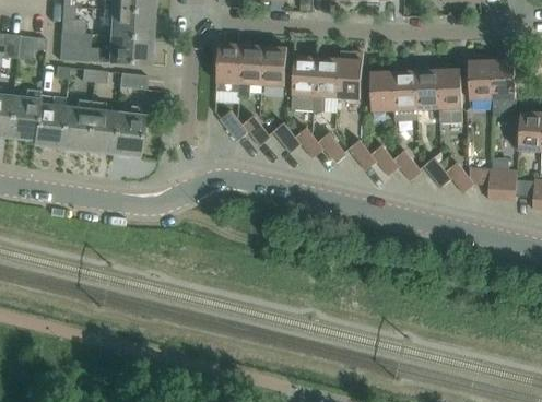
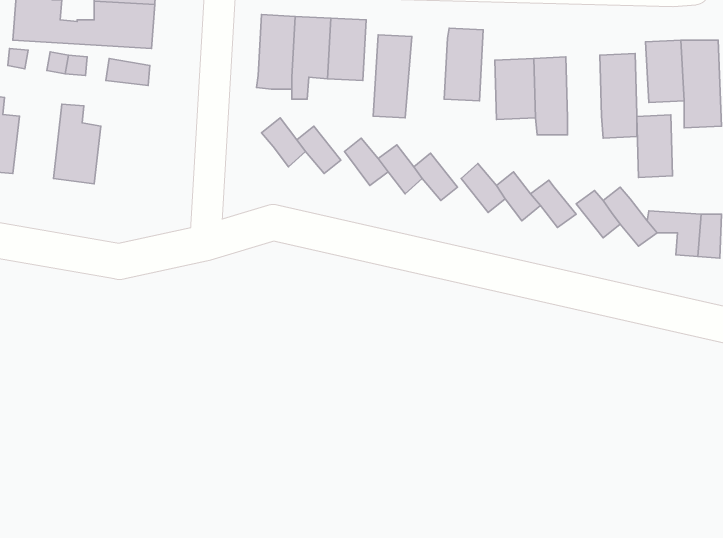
building: [311,58,339,111] -> none
building: [415,70,438,110] -> [637,115,672,178]
building: [58,99,90,150] -> none
building: [110,106,143,156] -> none

